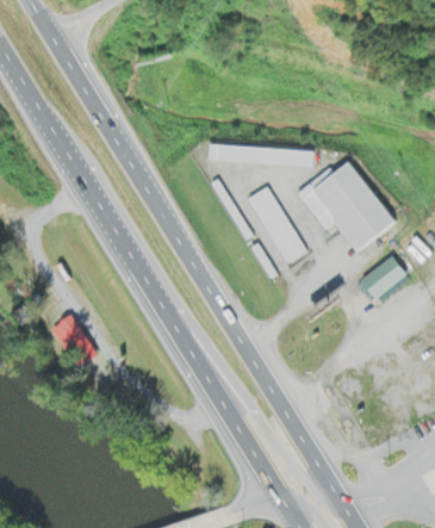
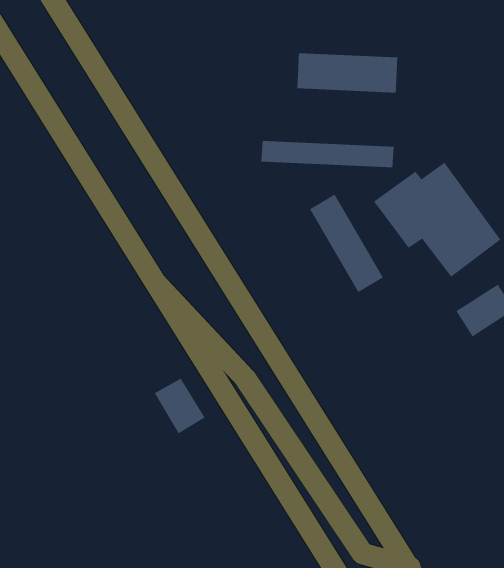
building: none -> [297,52,398,93]
building: [51,316,92,360] -> [154,378,205,434]

